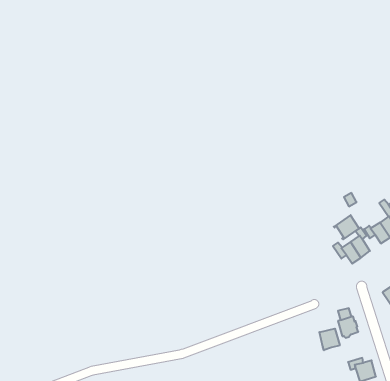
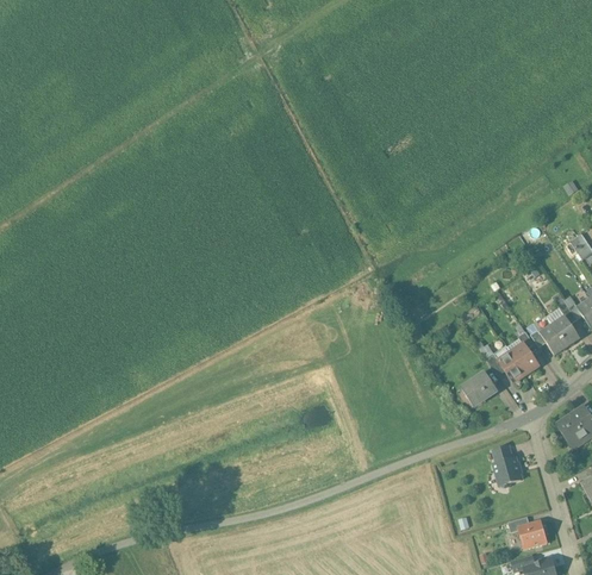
building: [334,215,359,239] -> [461,371,497,406]
building: [319,329,340,350] -> none

